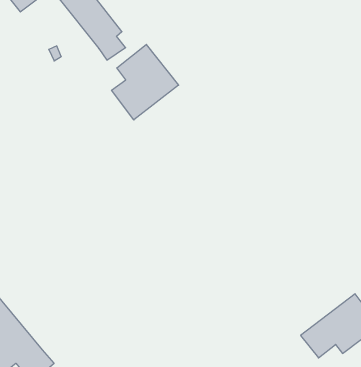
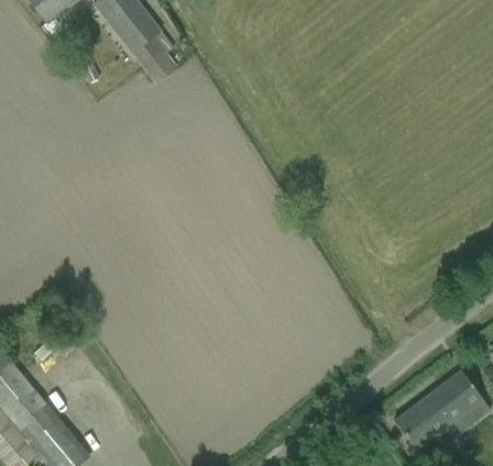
building: [112,44,179,120] -> none

